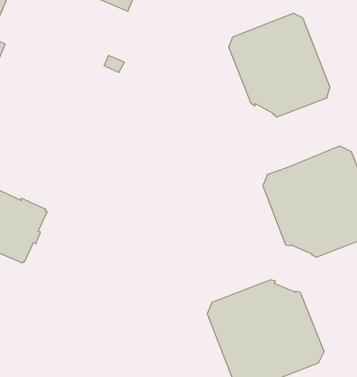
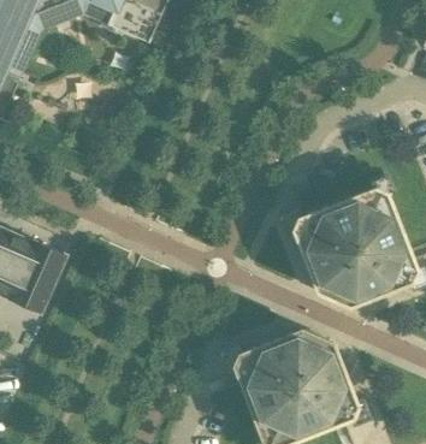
building: [229,13,330,117] -> none

